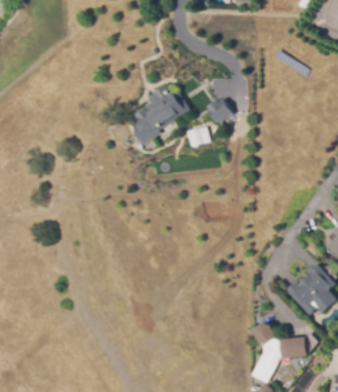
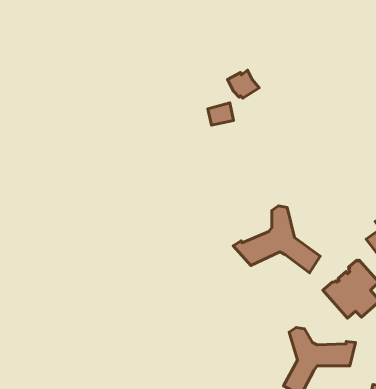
building: [129,84,187,144] -> none
building: none -> [233,206,320,273]

